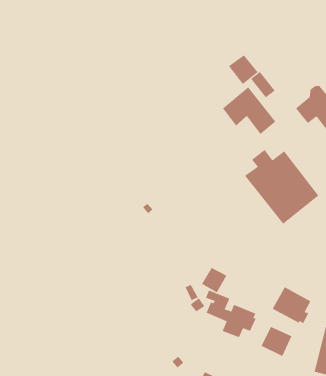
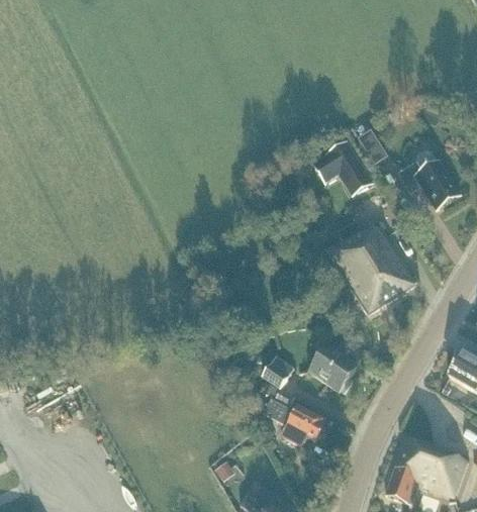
building: [228,54,258,85] -> none
building: [272,287,311,324] -> [307,344,356,392]
building: [261,326,292,357] -> none

